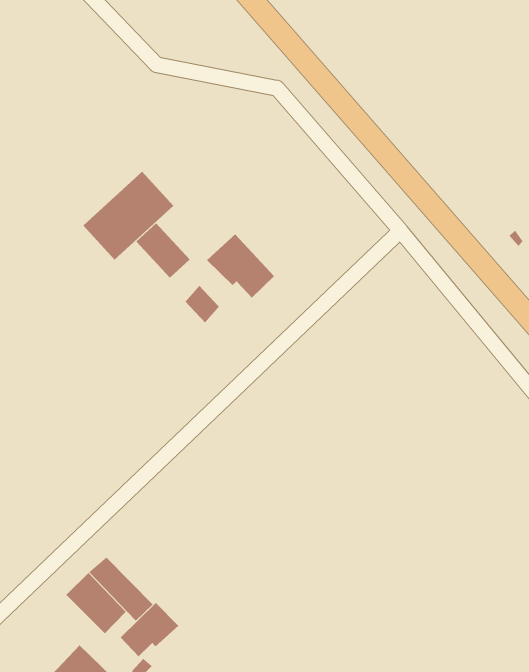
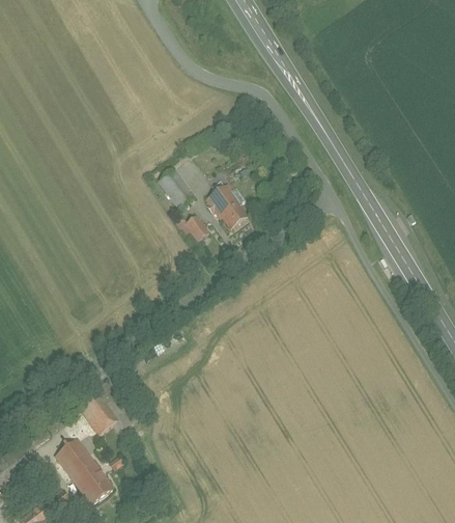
building: [83,171,174,261] -> none
building: [120,602,179,657] -> none

